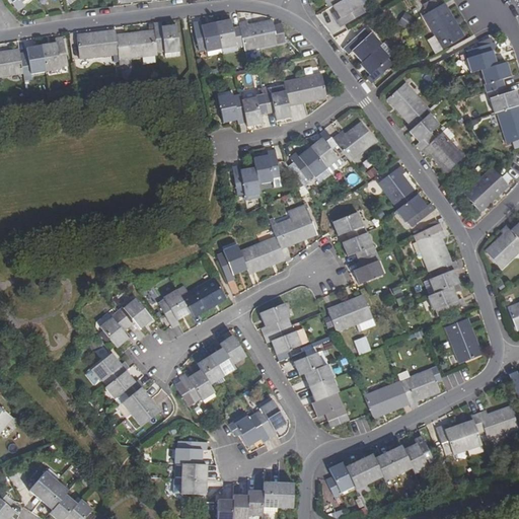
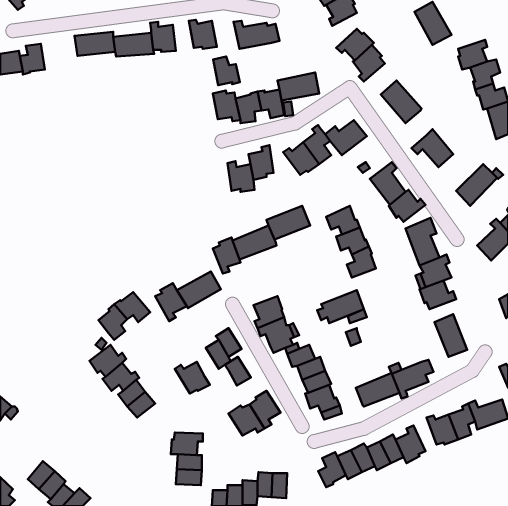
building: [216,18,243,48] -> [213,56,240,85]
building: [42,35,67,71] -> none
building: [407,113,439,151] -> none
building: [197,355,223,384] -> [225,357,251,386]

